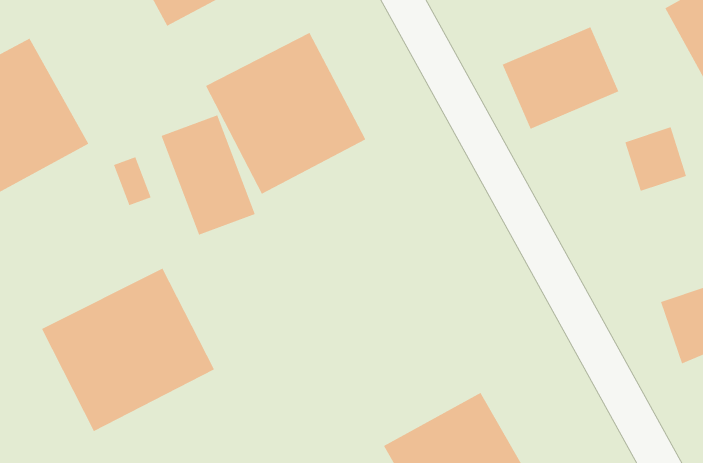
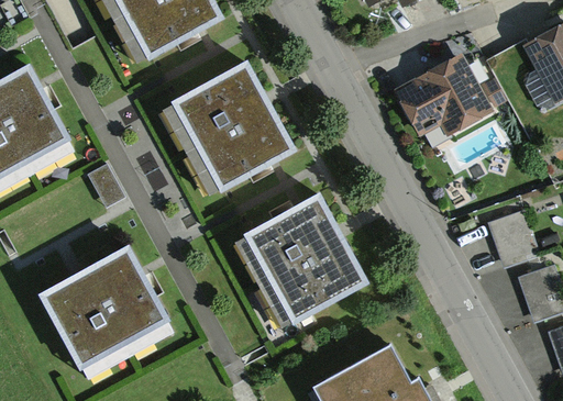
building: [161,115,255,235] -> none
building: [625,127,687,192] -> [494,213,542,264]
building: none -> [241,198,365,326]

